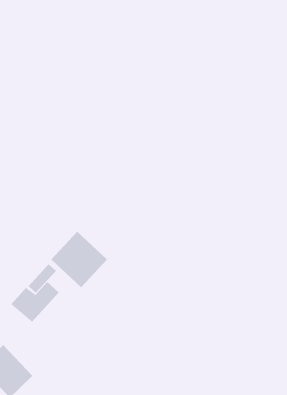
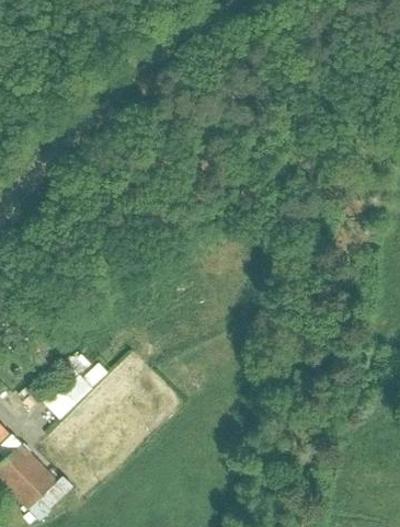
building: [51,231,108,288] -> none

